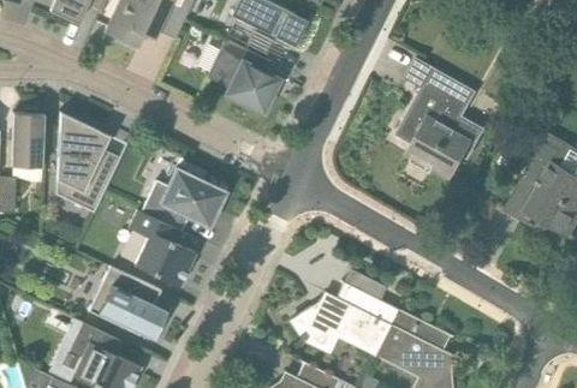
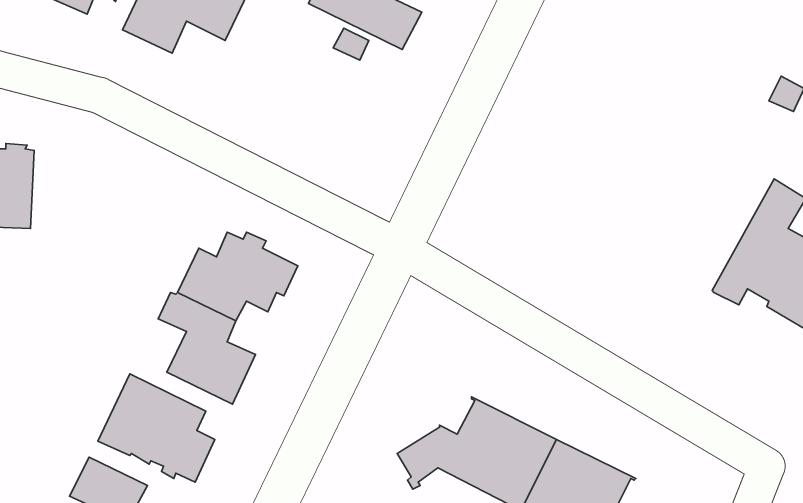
building: [207,40,279,112] -> none
building: [395,67,476,179] -> none
building: [55,111,117,213] -> none

